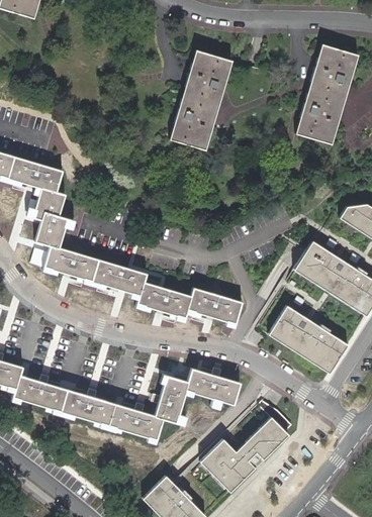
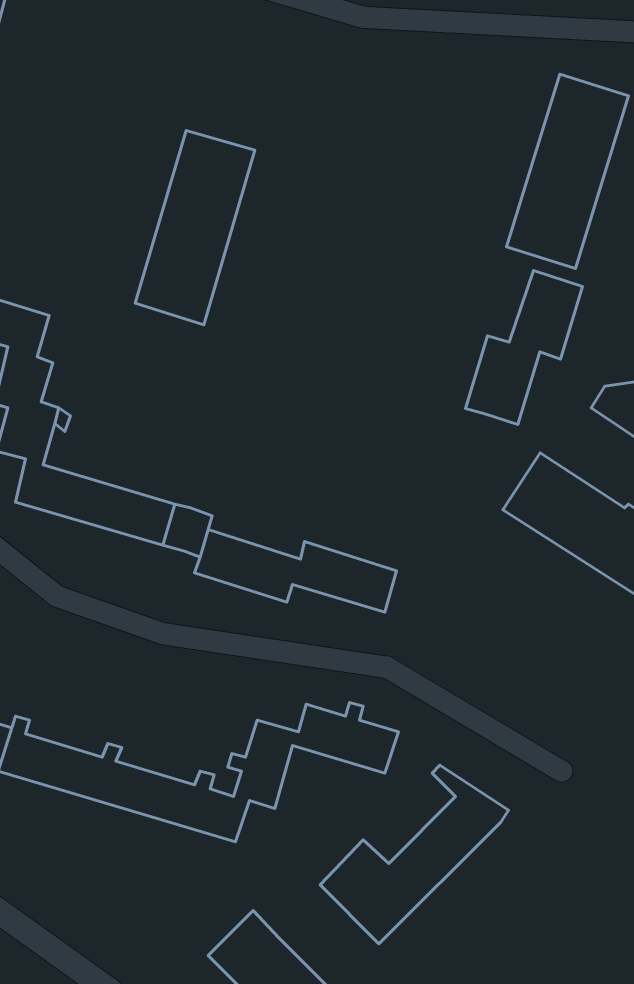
building: [170,51,231,151] -> [135,130,255,325]
building: none -> [465,270,583,424]
building: [267,305,348,374] -> none

